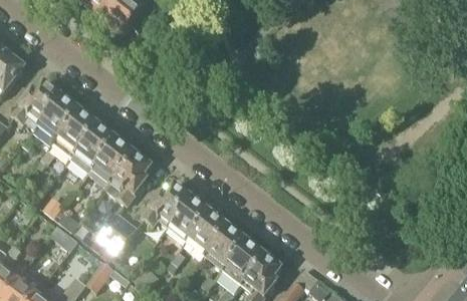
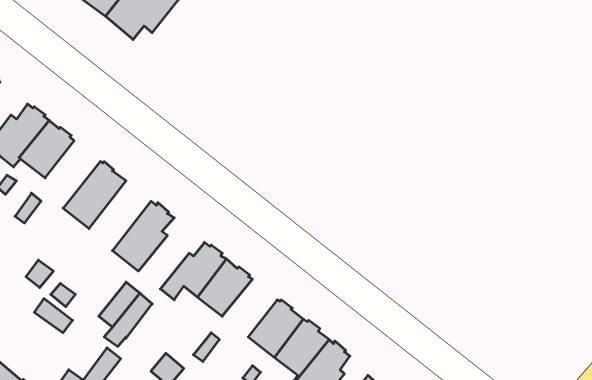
building: [52,108,97,158] -> none
building: [89,137,135,189] -> none
building: [187,210,227,252] -> none

